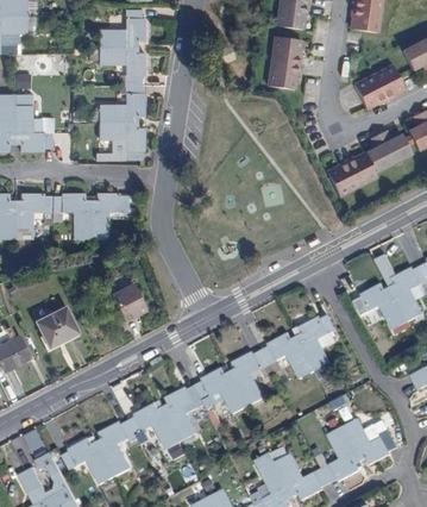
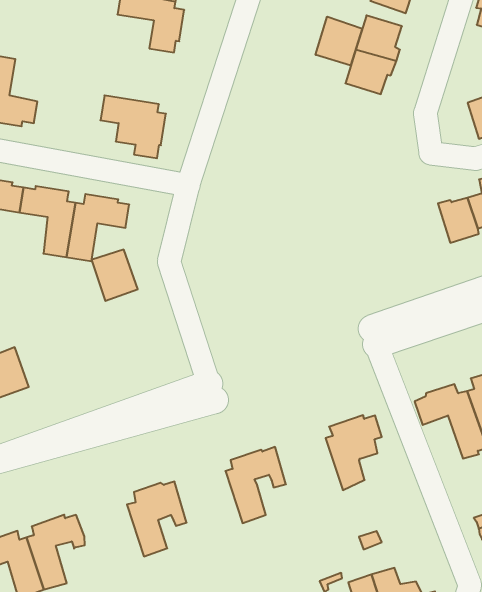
building: none -> [316,17,362,65]
building: [99,83,145,121] -> none
building: [327,159,358,195] -> none
building: [114,281,150,319] -> [92,250,138,301]
building: [258,333,310,380] -> none
building: [191,365,244,418] -> none
building: [126,402,178,447] -> none

